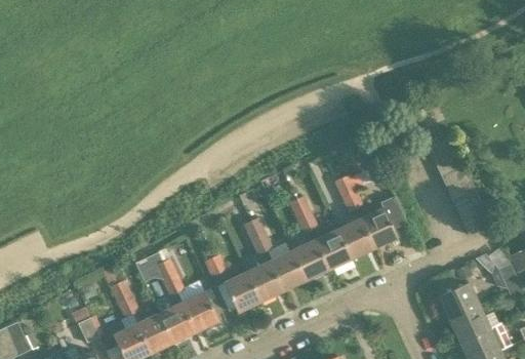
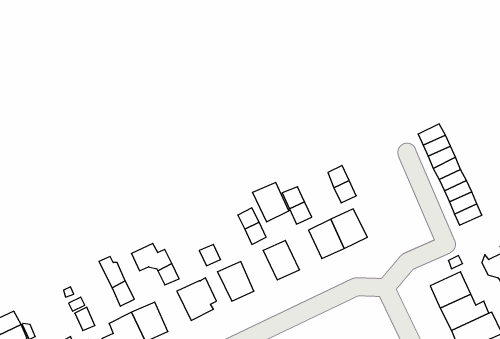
building: [360,197,405,247] -> none
building: [291,240,328,280] -> [252,182,289,222]
building: [246,261,283,302] -> none
building: [159,302,196,343] -> none

